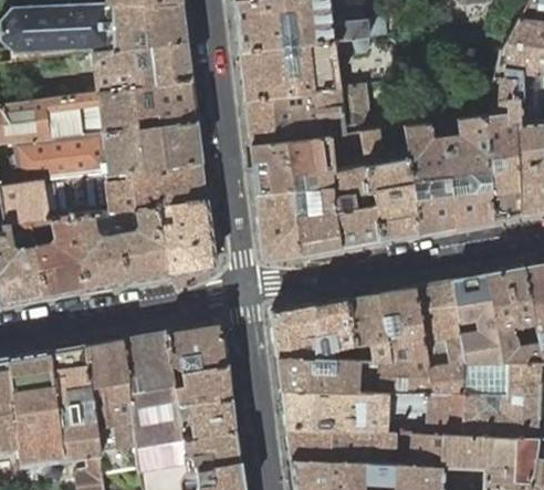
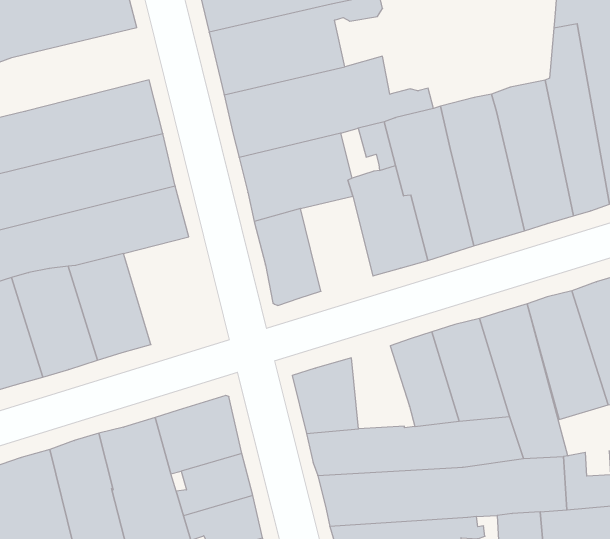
building: [93,41,192,93] -> none
building: [293,185,341,252] -> none
building: [158,200,216,277] -> none
building: [316,299,358,361] -> none

